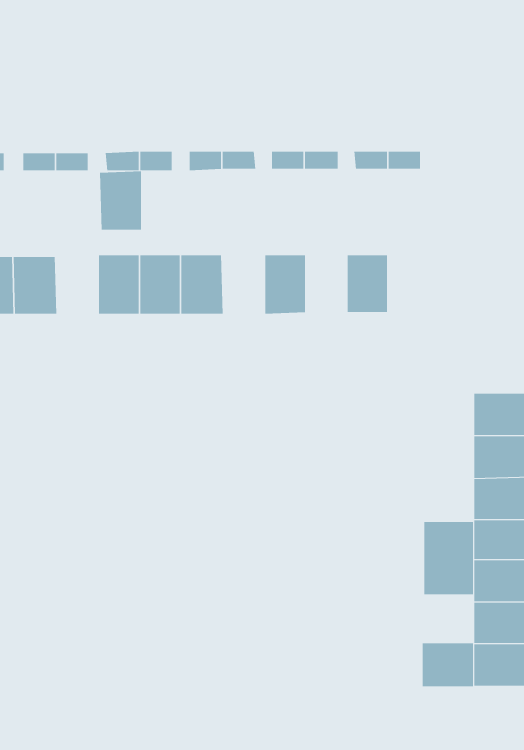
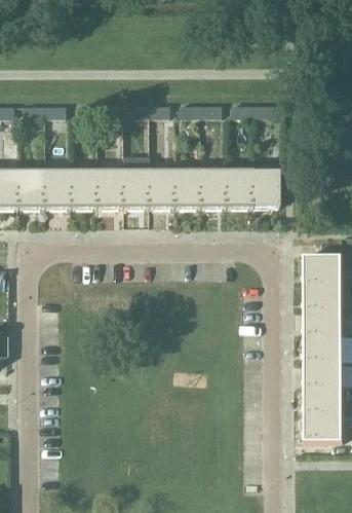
building: [99,171,142,230] -> [43,170,70,207]
building: none -> [147,170,173,207]
building: none -> [199,170,225,206]
building: none -> [250,170,278,206]
building: [424,521,474,595] -> none
building: [422,642,474,687] -> none

